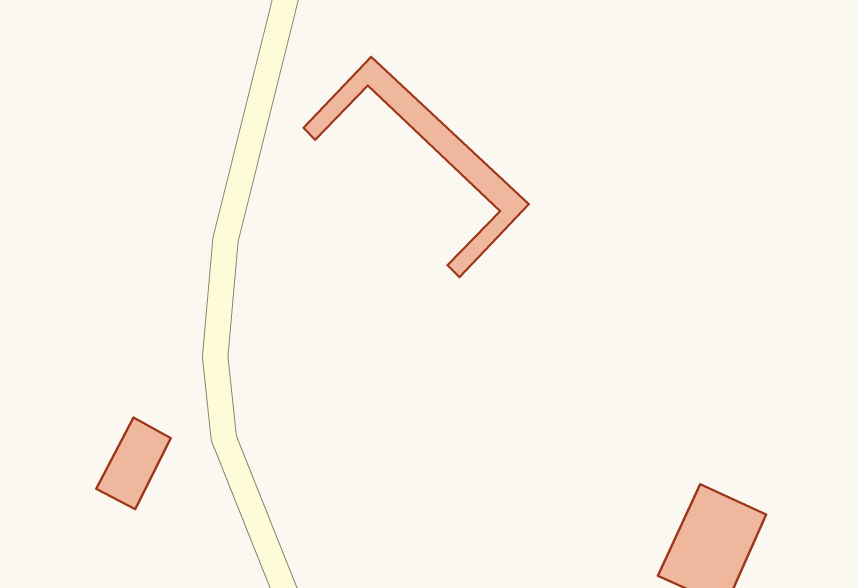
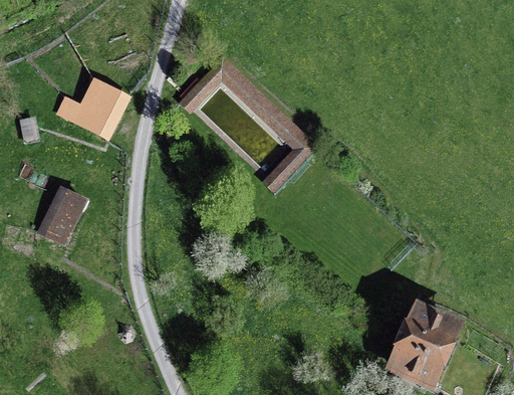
building: none -> [56,79,125,138]
building: [96,418,171,509] -> [38,188,82,242]

